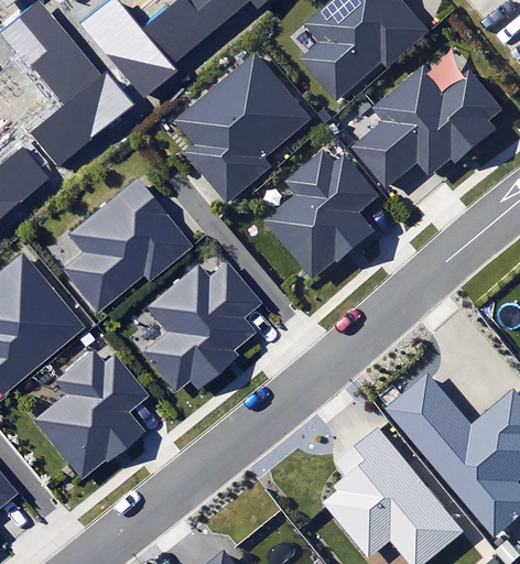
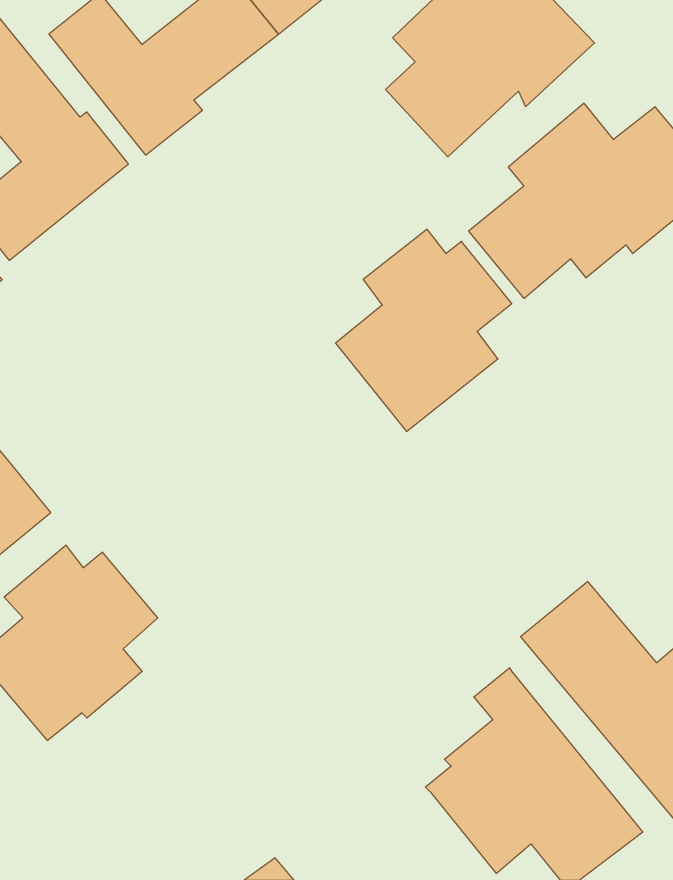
building: [172,48,312,202] -> none
building: [61,175,193,311] -> none
building: [143,262,261,395] -> none

